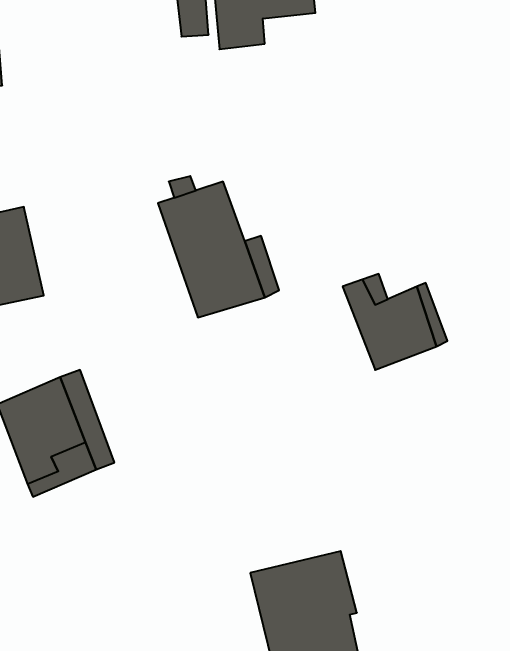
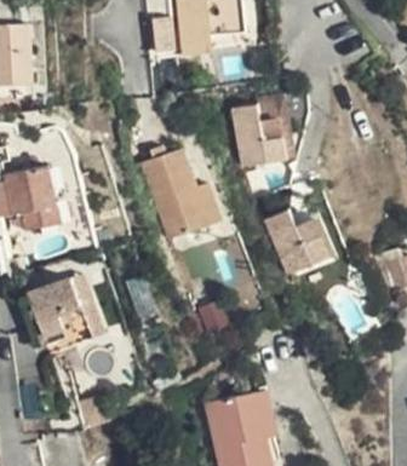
building: none -> [240,104,291,166]

